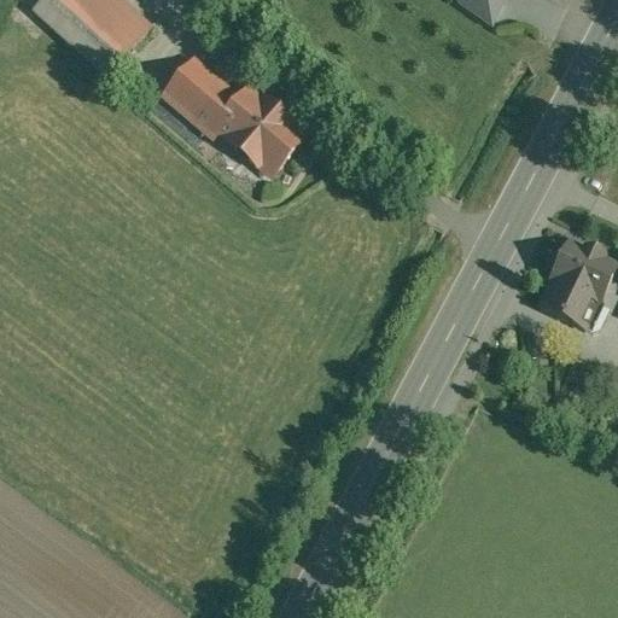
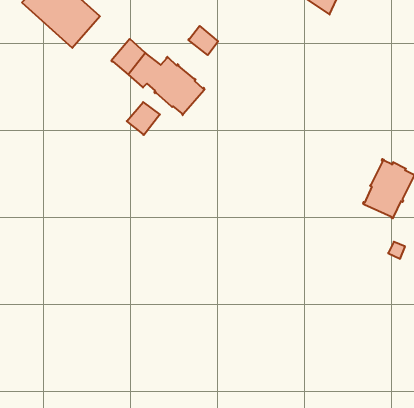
building: none -> [188,26,218,55]
building: none -> [127,102,160,135]

